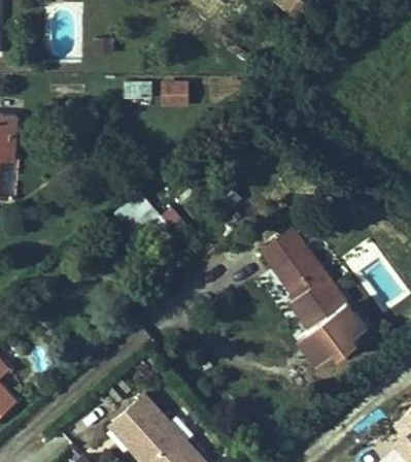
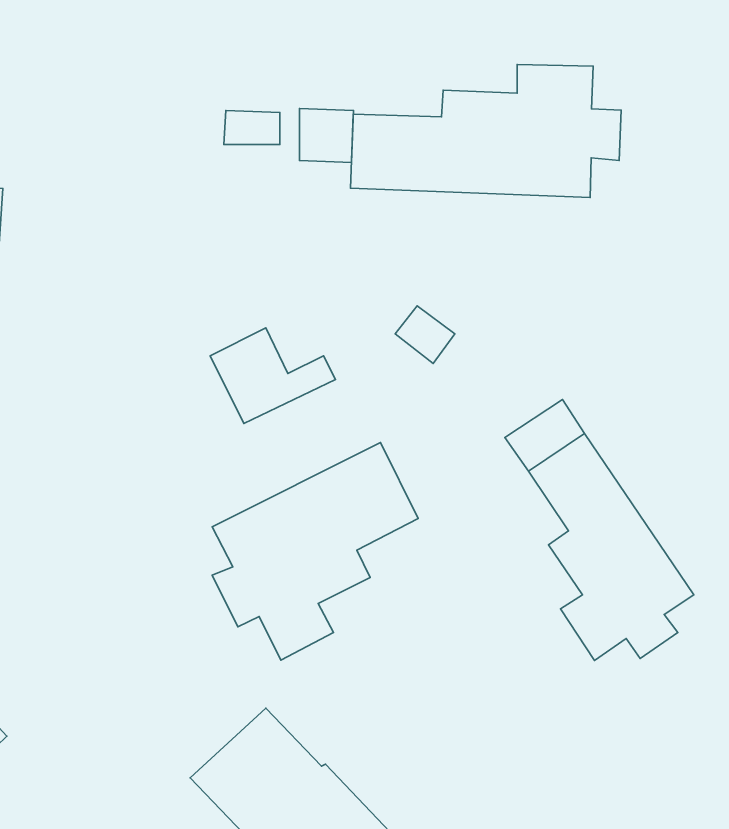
building: none -> [350,64,621,197]
building: none -> [212,443,418,660]

